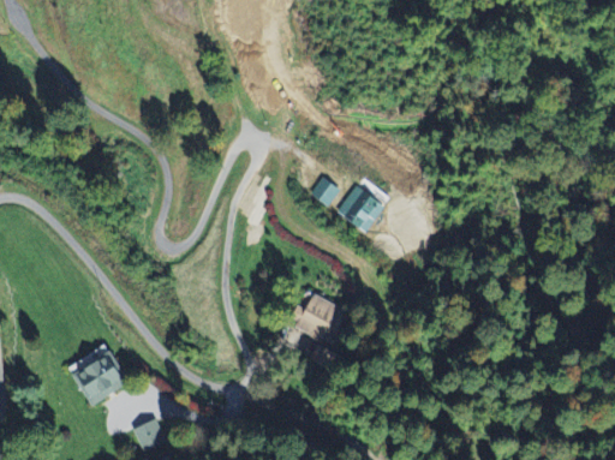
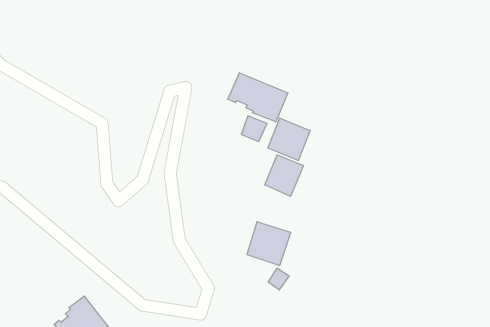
building: none -> [228,73,288,122]
building: none -> [265,155,303,196]

